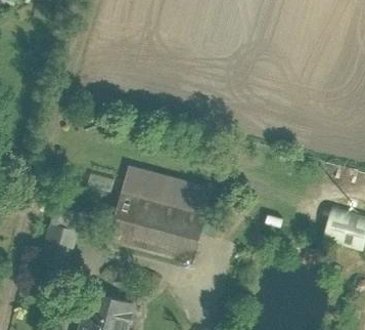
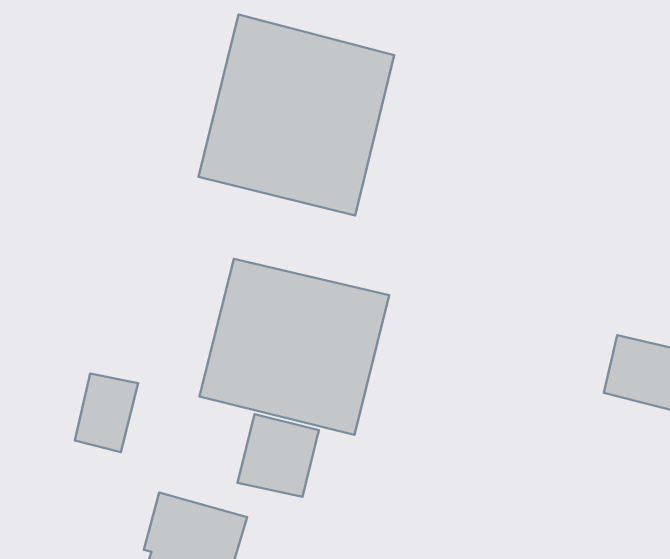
building: none -> [198,14,394,216]
building: none -> [237,414,319,497]

